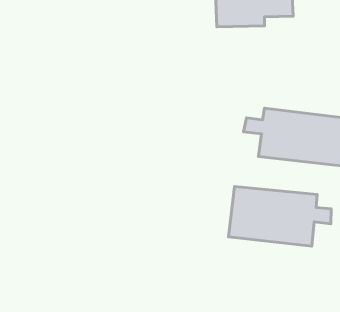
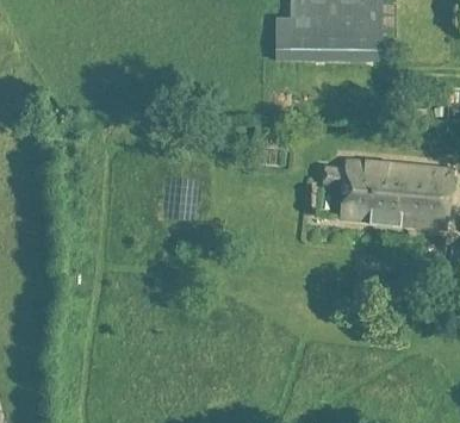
building: [228,186,331,246] -> none

